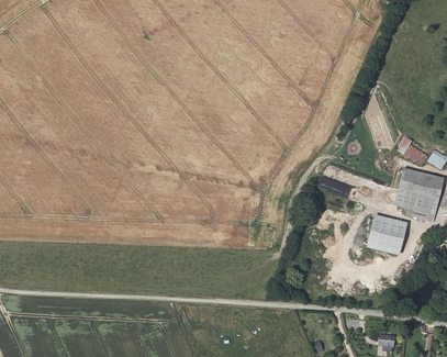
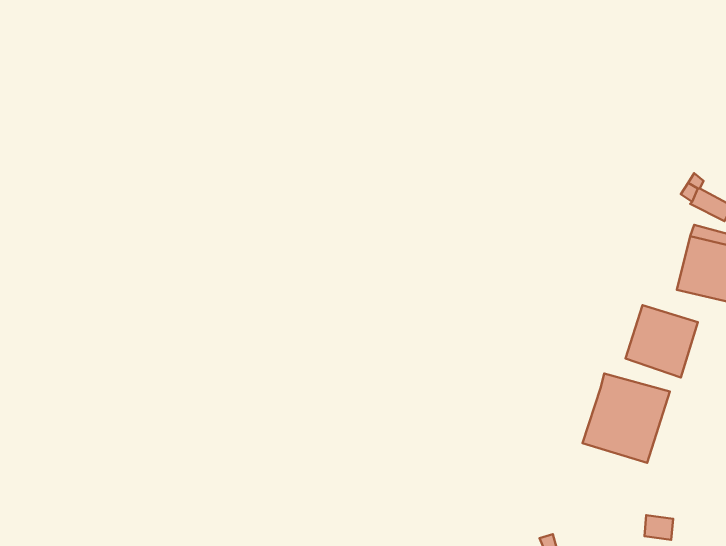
building: none -> [583,374,670,463]

